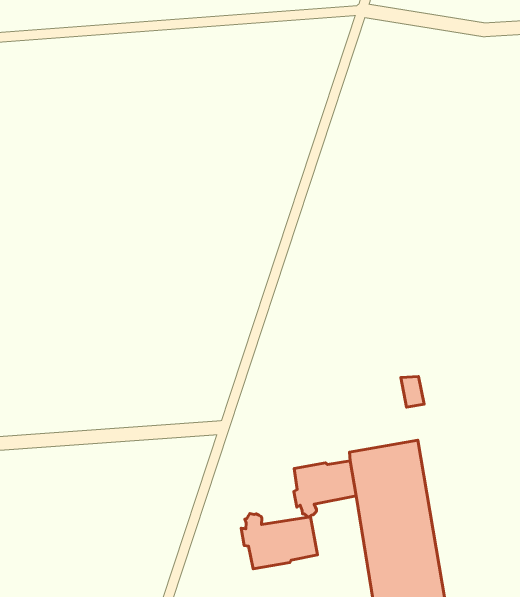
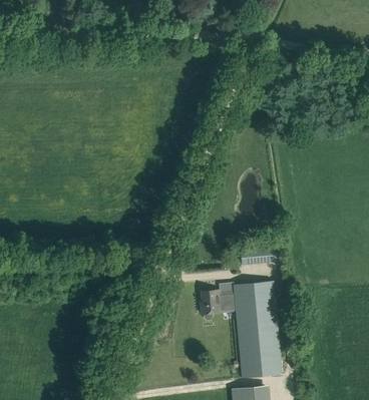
building: [241,514,317,569] -> none

